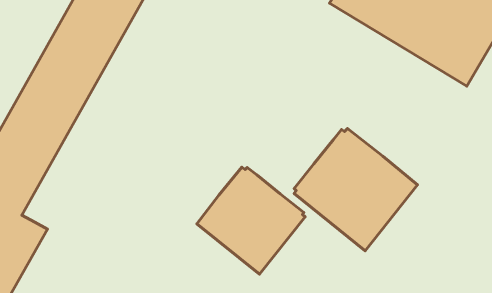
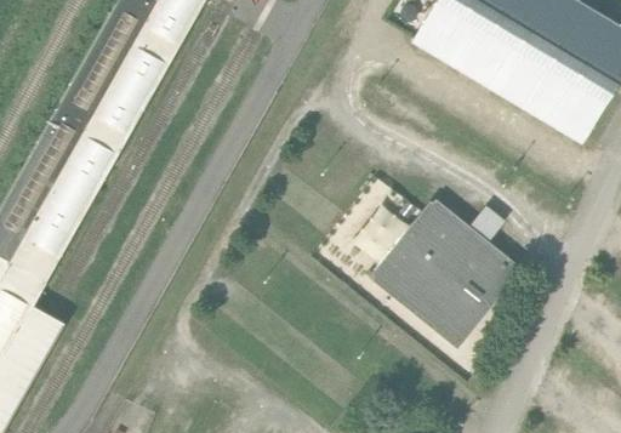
building: [197,167,305,274] -> none

